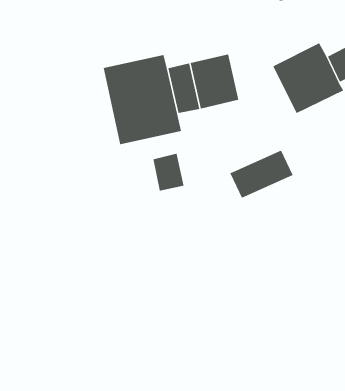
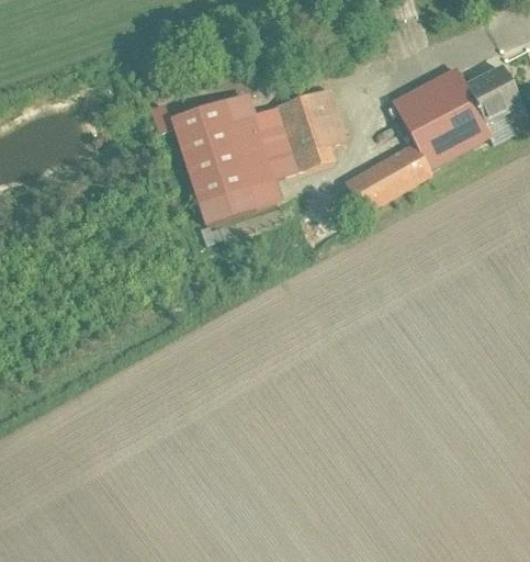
building: [230,150,293,198] -> [351,143,435,210]
building: [153,153,184,191] -> none

